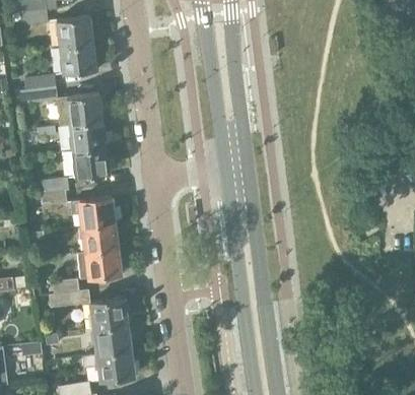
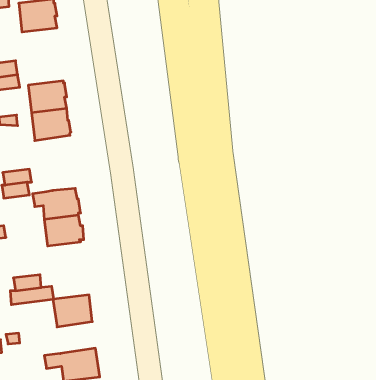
building: [60,45,97,75] -> none
building: [72,147,110,179] -> none
building: [77,249,124,279] -> none
building: [93,325,130,355] -> none

